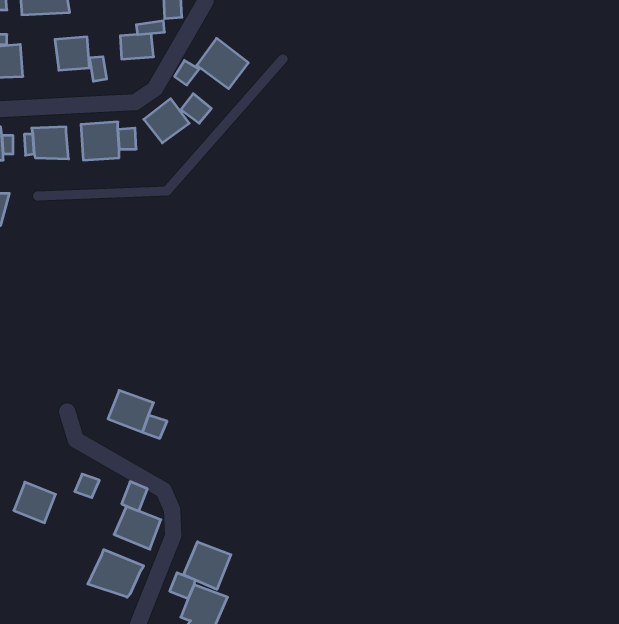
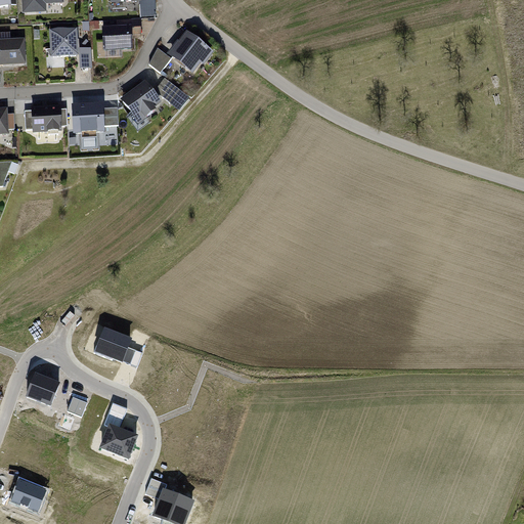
building: [14,482,56,523] -> [25,370,59,404]
building: [184,542,231,589] -> none
building: [88,550,144,597] -> none
building: none -> [9,477,44,509]

